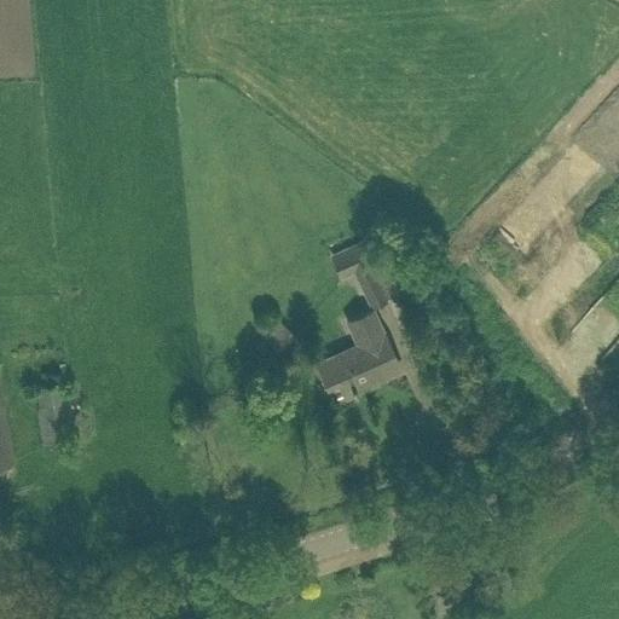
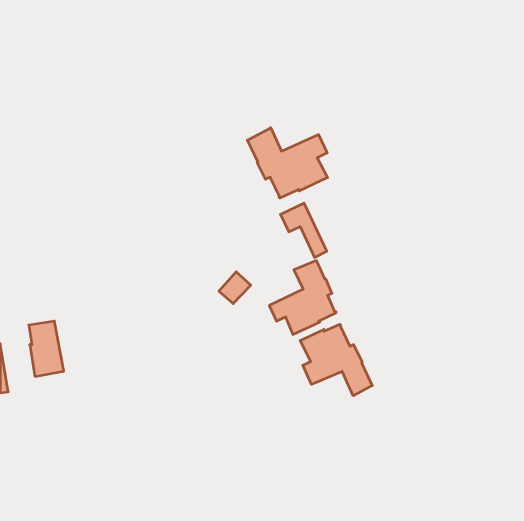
building: none -> [247,128,328,198]
building: none -> [300,324,372,396]

